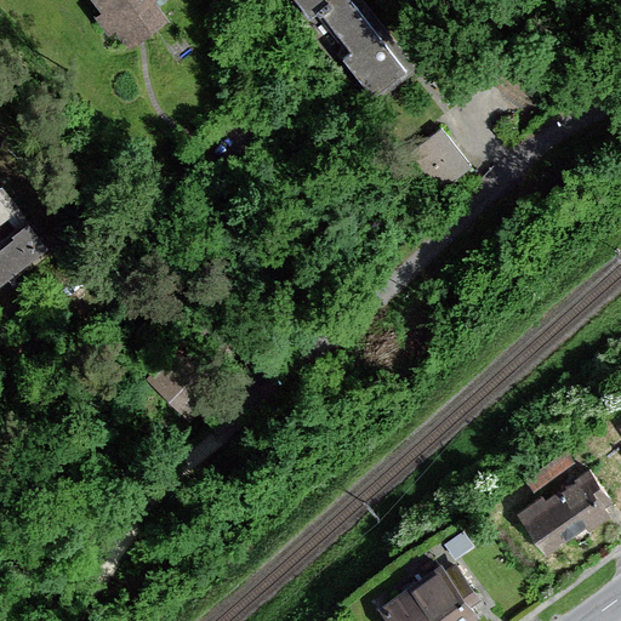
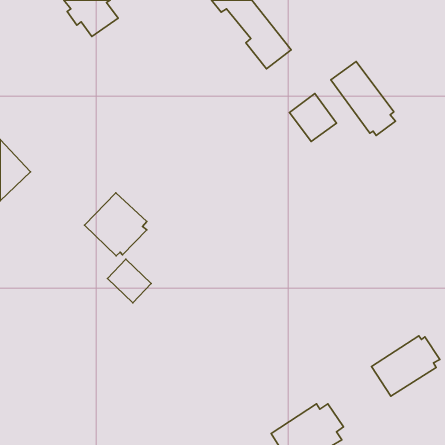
building: none -> [331,61,395,135]
building: none -> [85,193,147,256]

